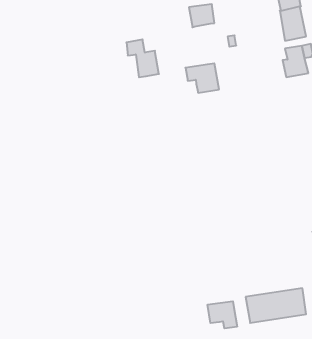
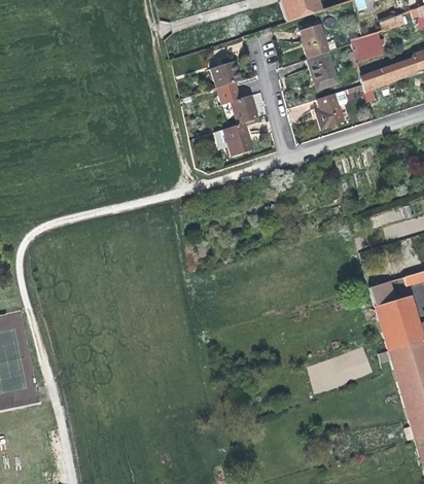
building: [126,39,159,77] -> [220,84,258,125]
building: [208,301,237,328] -> none

